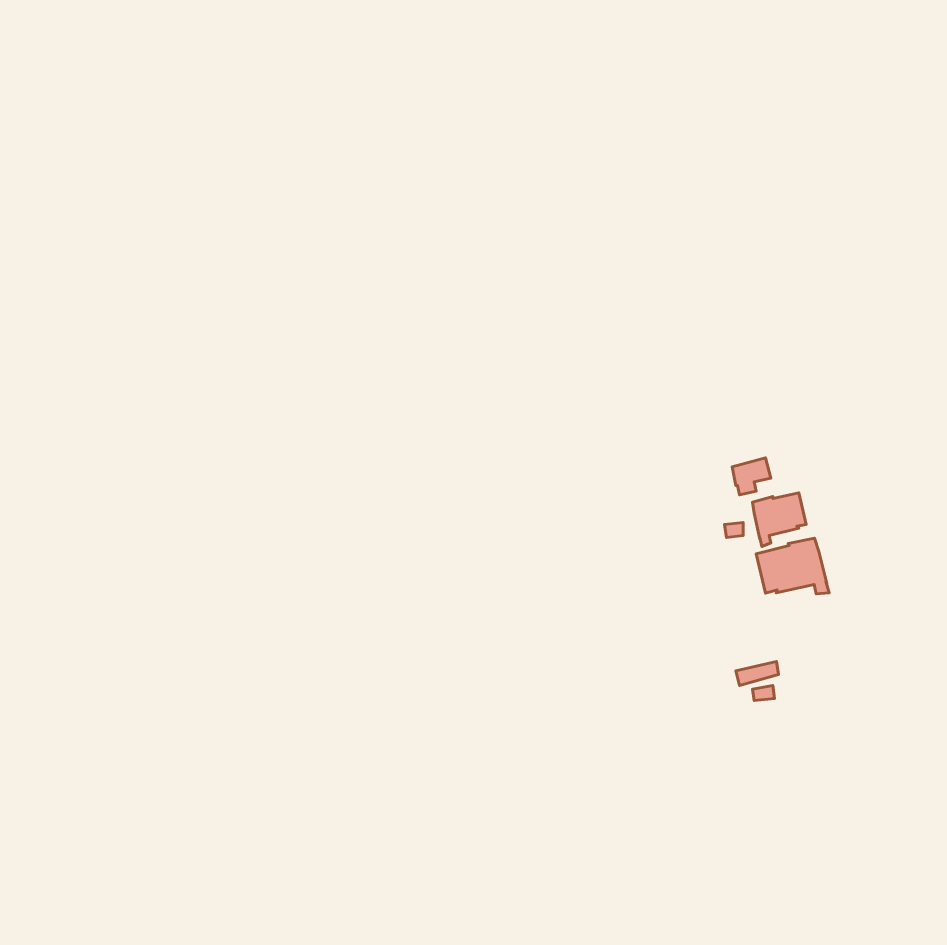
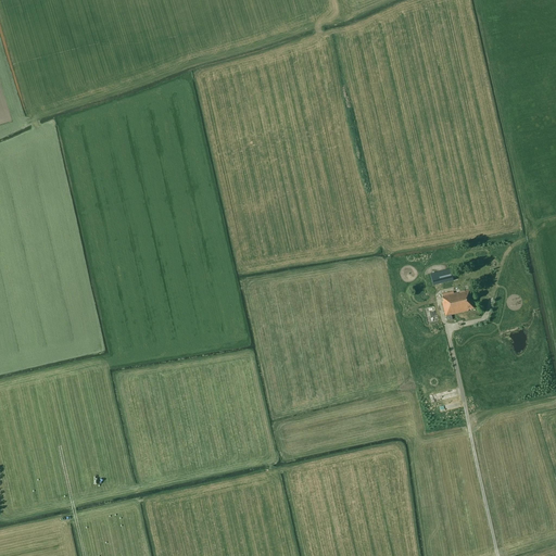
building: [756,538,829,594] -> none

